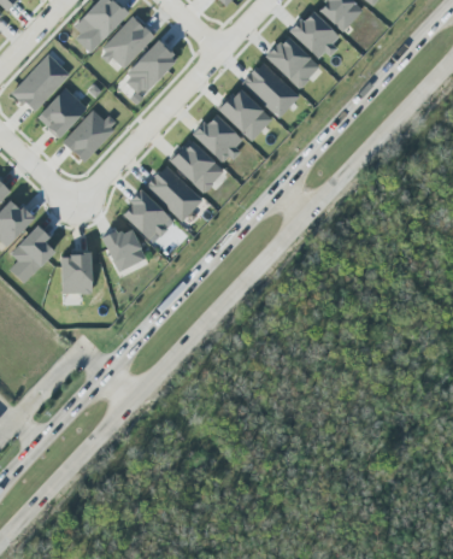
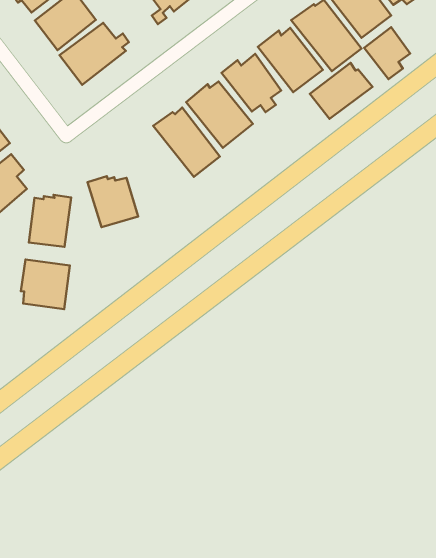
building: none -> [364,27,410,79]
building: none -> [310,63,372,119]
building: [123,189,175,243] -> none
building: none -> [21,260,70,309]

